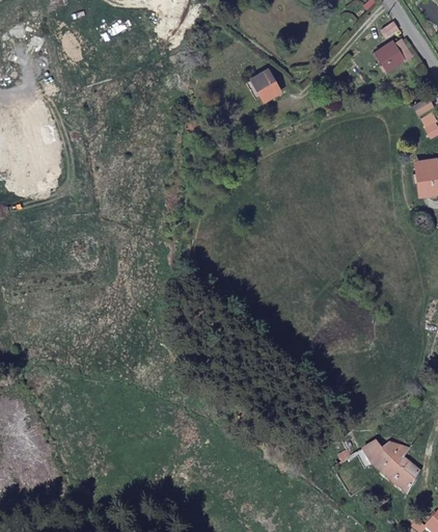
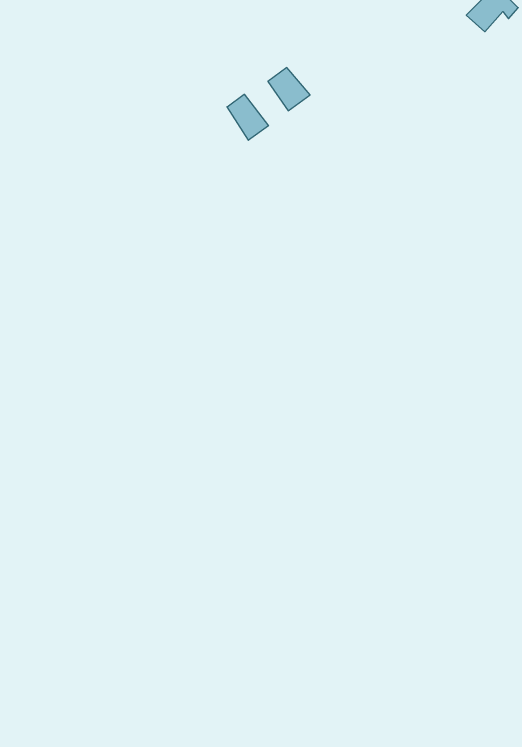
building: none -> [227,94,268,140]

